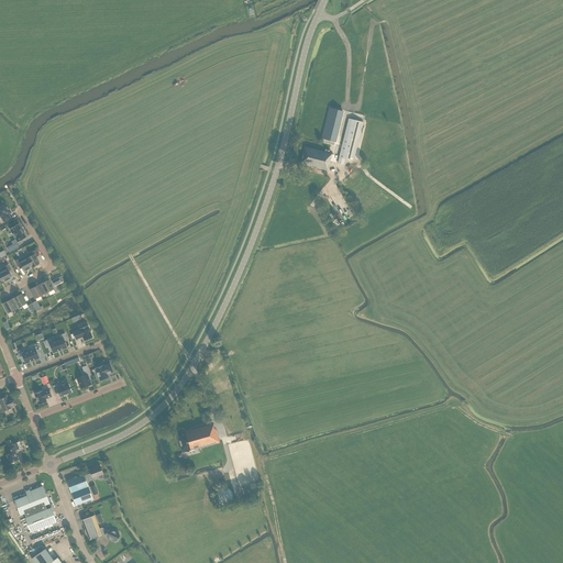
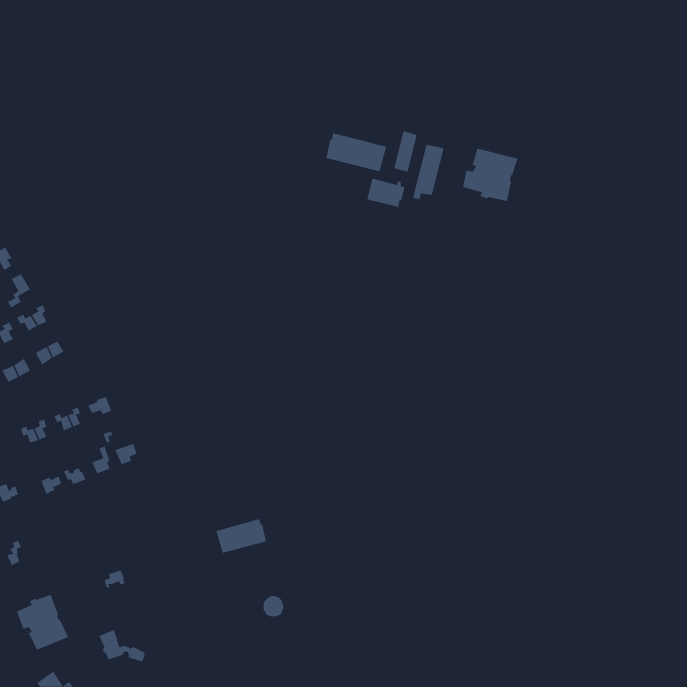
building: none -> [326,133,387,172]
building: none -> [462,148,518,202]
building: [66,473,91,505] -> none

